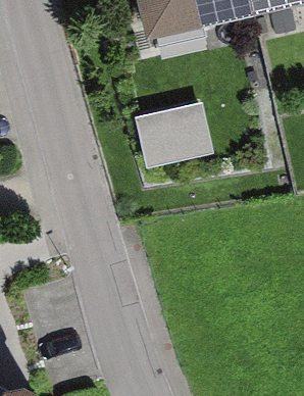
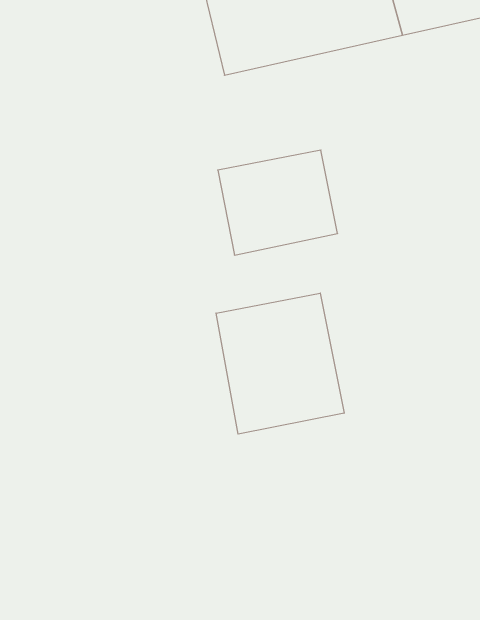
building: none -> [216,293,344,434]

